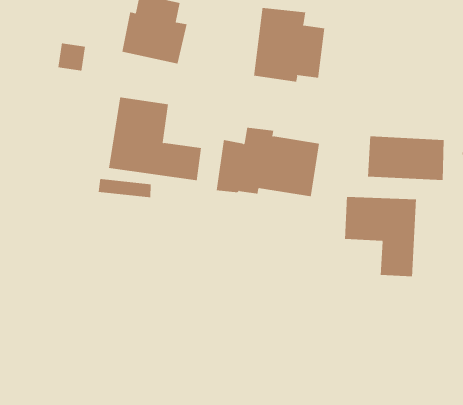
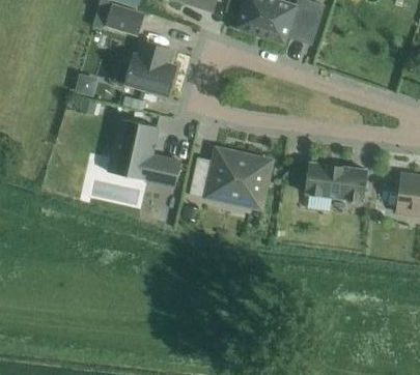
building: [253,7,325,82] -> none
building: [344,196,417,277] -> none

